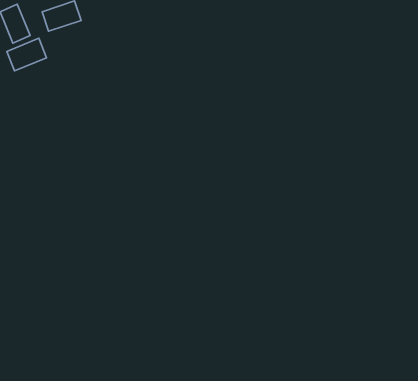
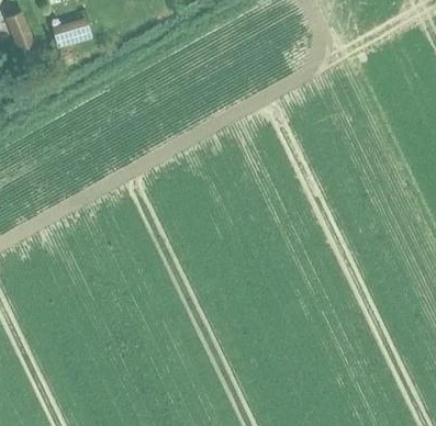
building: [7,38,47,71] -> none

